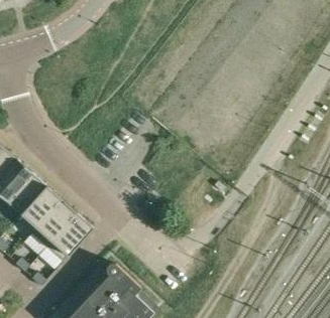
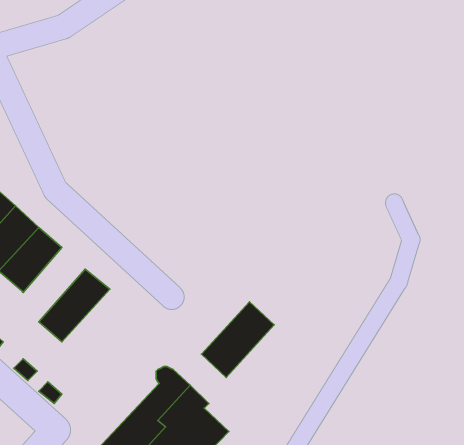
building: [13,185,60,233] -> none
building: [44,212,92,262] -> [202,302,274,377]

